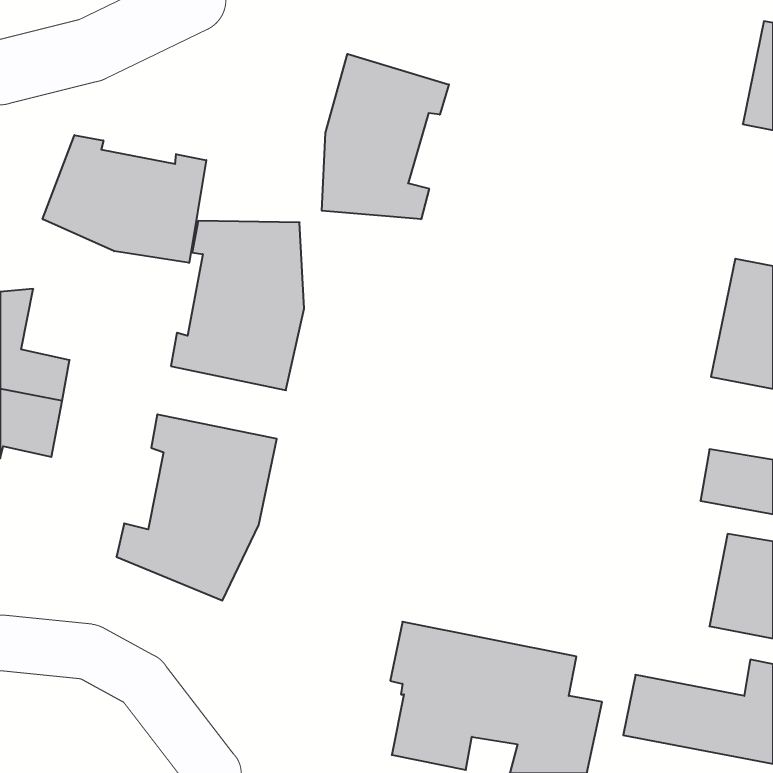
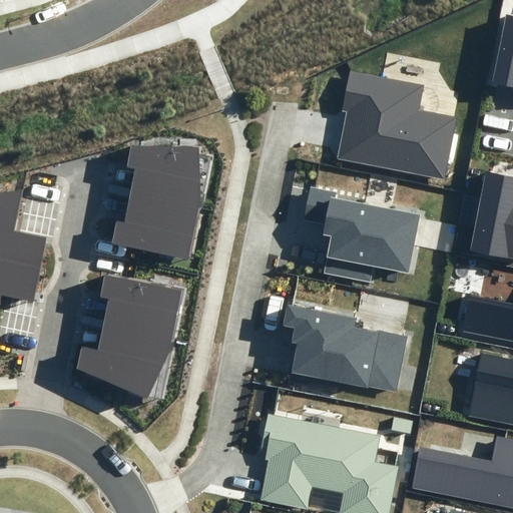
building: [322,54,449,219] -> none
building: none -> [338,70,457,179]
building: [43,135,206,263] -> none
building: none -> [305,188,420,282]
building: none -> [283,304,407,392]

